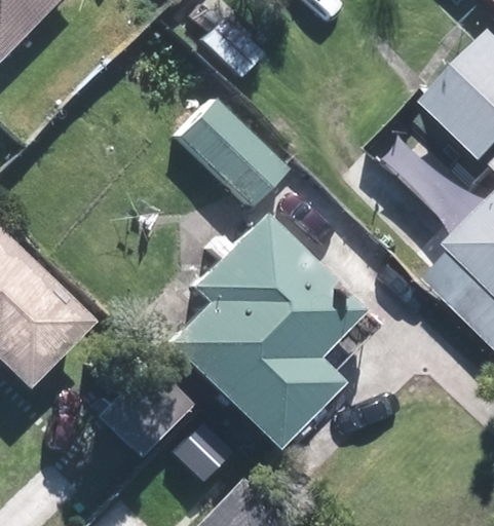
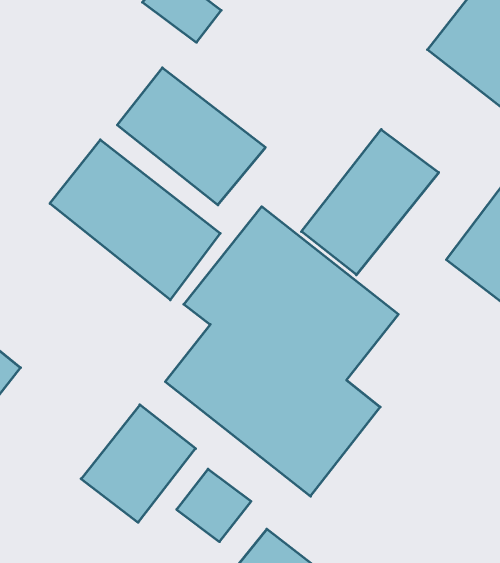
building: none -> [50,140,220,300]
building: none -> [301,129,439,275]

